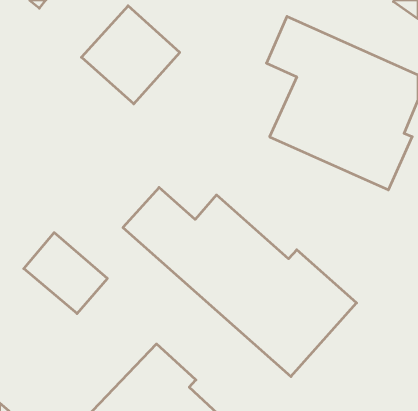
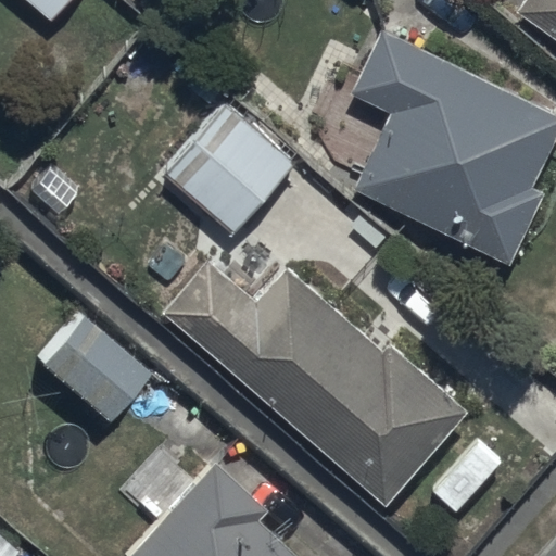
building: [81,6,180,104] -> [165,105,295,236]

